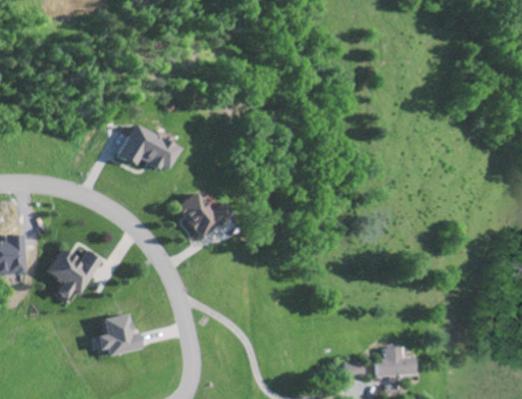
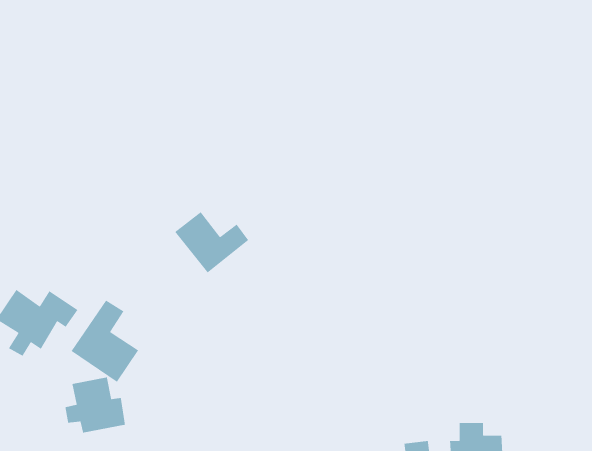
building: [116,124,179,170] -> none
building: none -> [71,299,139,383]

